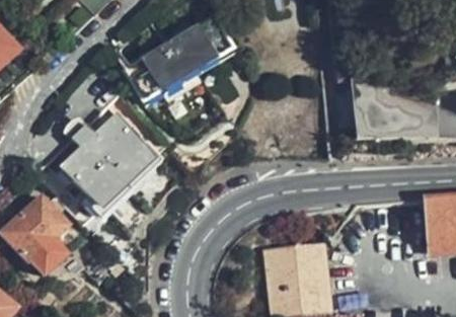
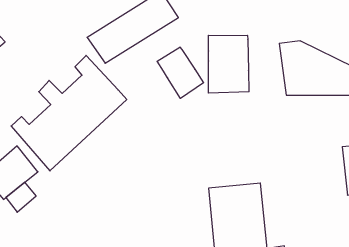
building: none -> [208,35,249,93]
building: none -> [157,47,204,98]

